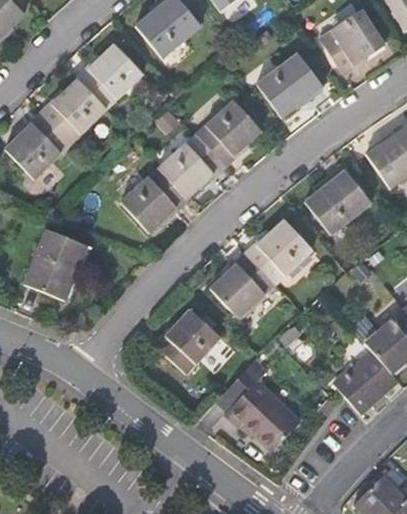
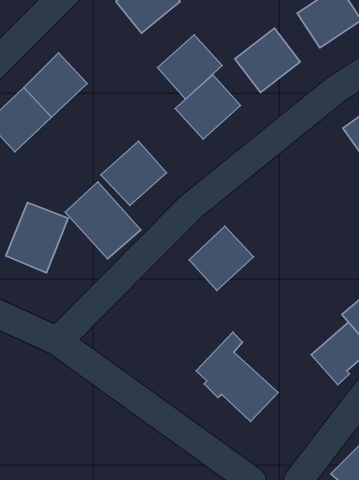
building: [77,43,143,108] -> none
building: [159,134,224,199] -> [158,35,222,99]
building: [304,170,372,234] -> none
building: none -> [65,182,141,259]
building: [246,219,313,284] -> none
building: [156,308,221,374] -> none

